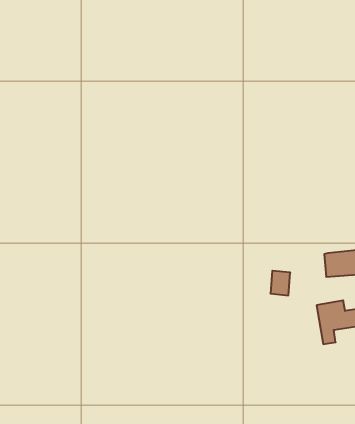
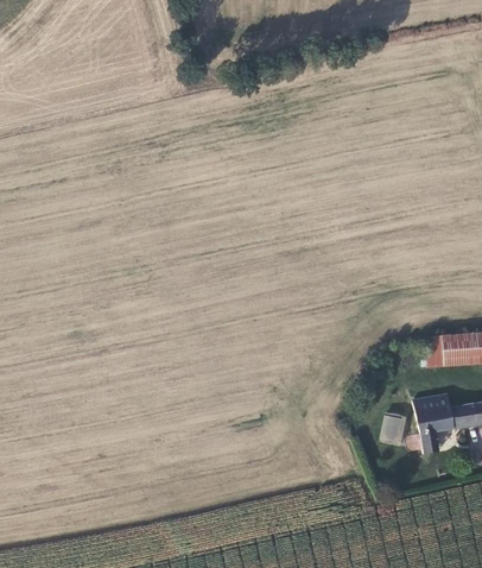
building: [270,271,290,295] -> [382,415,407,446]

